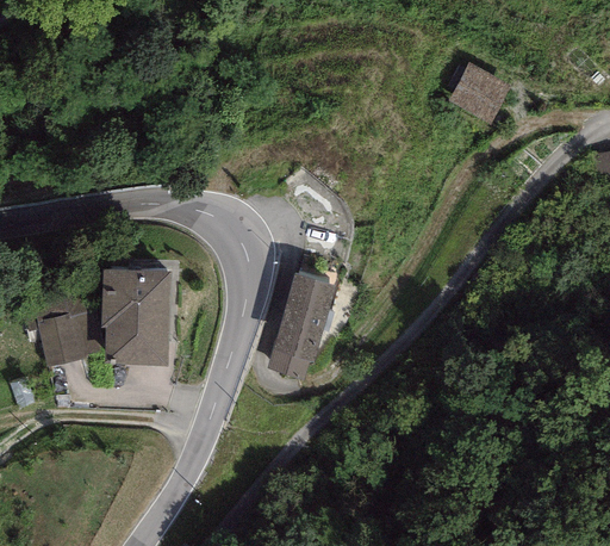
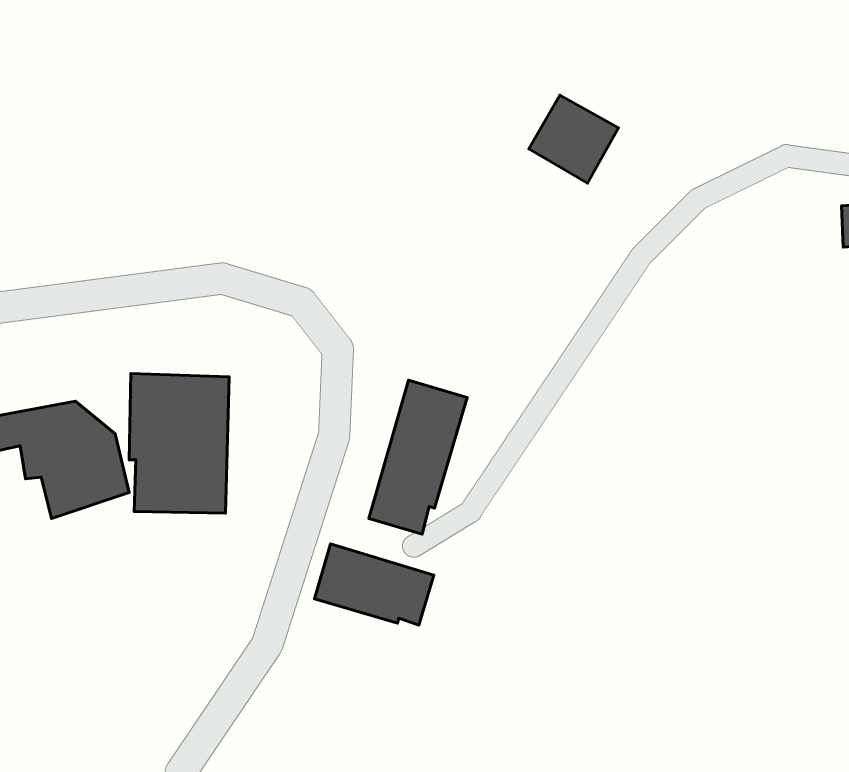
building: [449,62,511,123] -> [529,95,619,183]
building: none -> [314,544,434,625]

